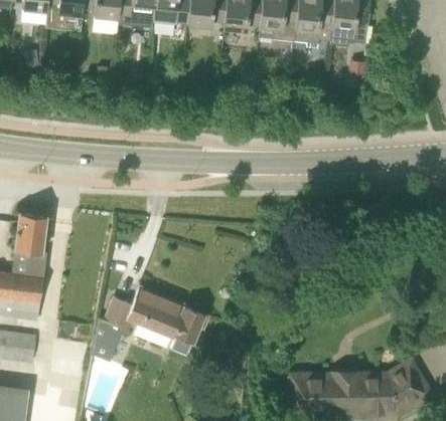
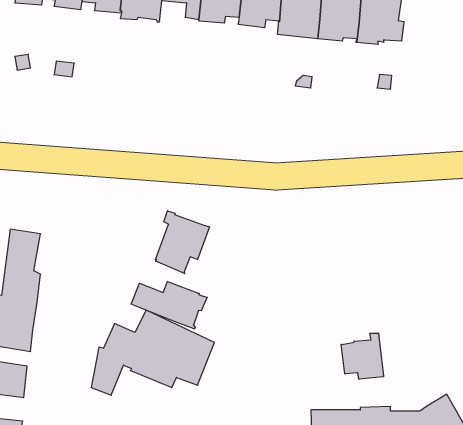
building: none -> [155,211,209,274]
building: none -> [131,282,207,329]
building: none -> [341,333,383,379]

